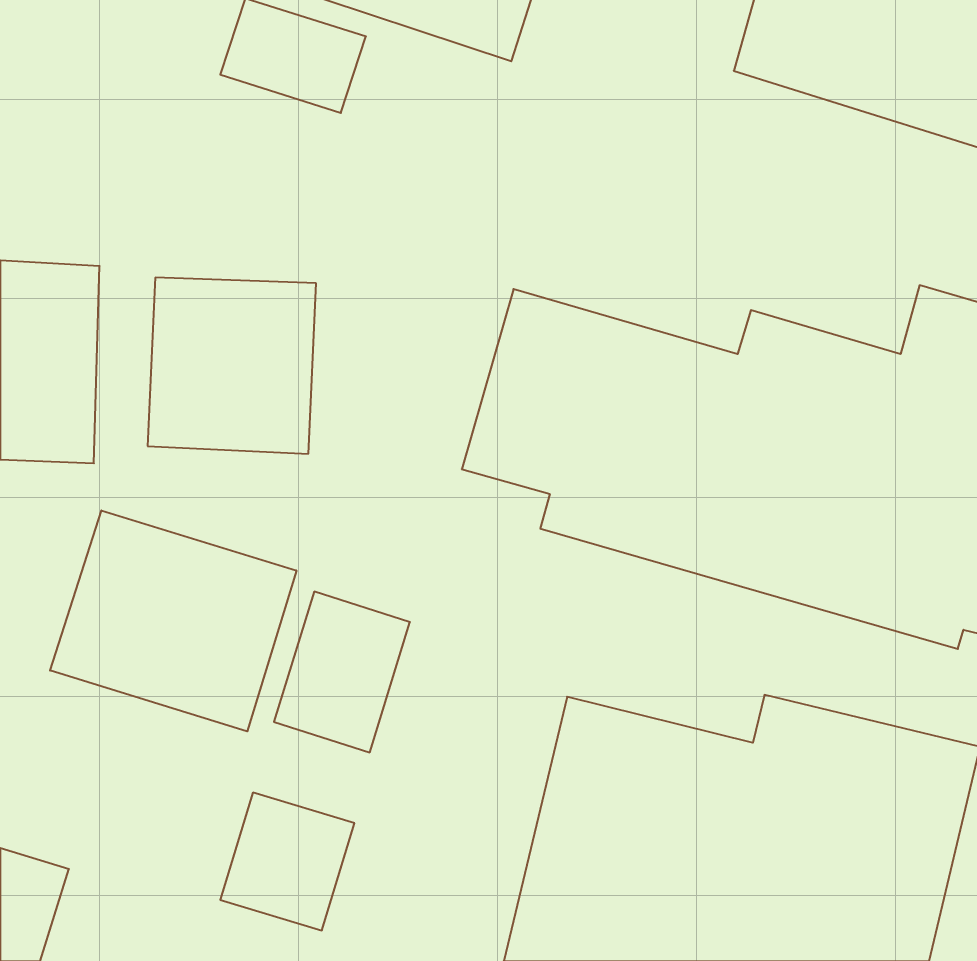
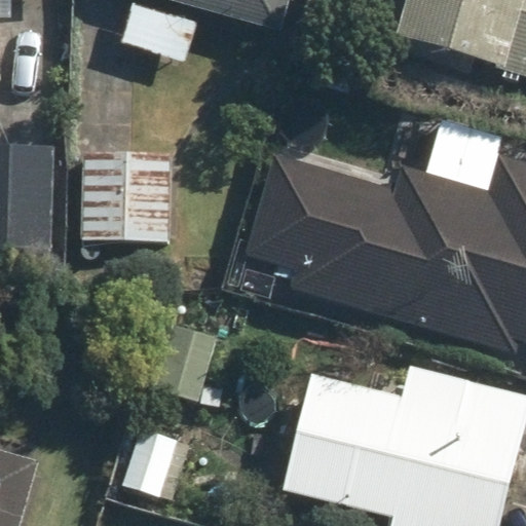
building: [50,510,296,731] -> none

